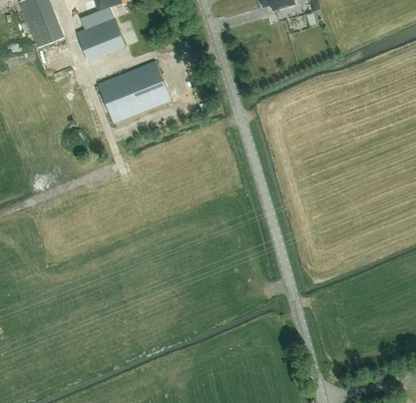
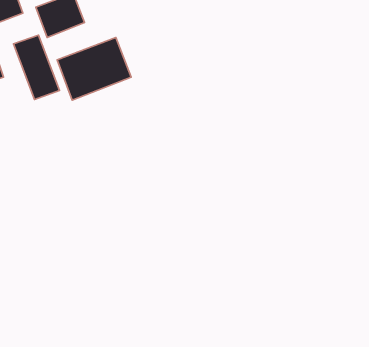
building: none -> [14,35,60,100]

